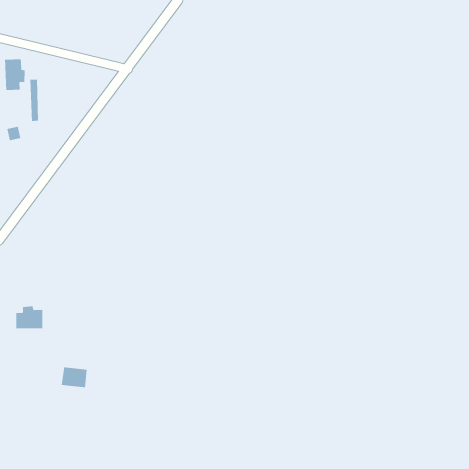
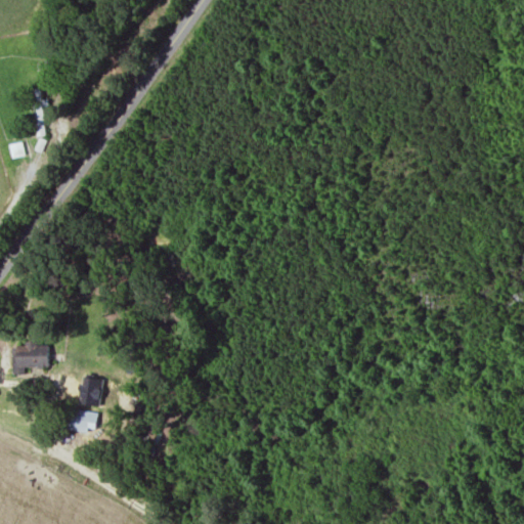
building: [5,59,25,91] -> none
building: none -> [80,378,102,407]

